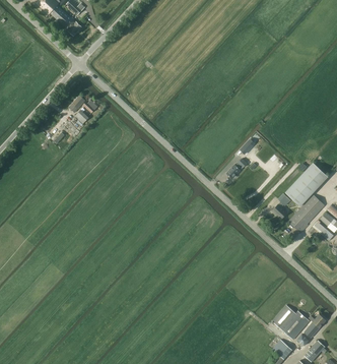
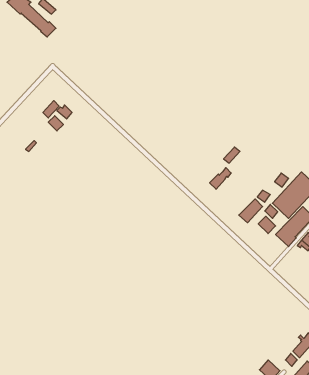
building: [271,305,309,340] -> none

